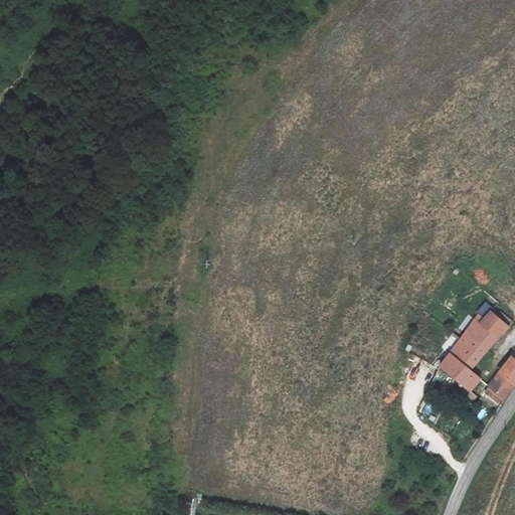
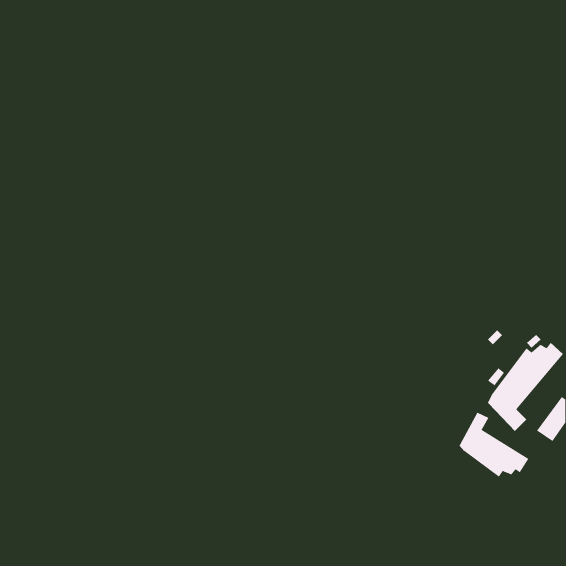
building: none -> [459,412,529,477]

